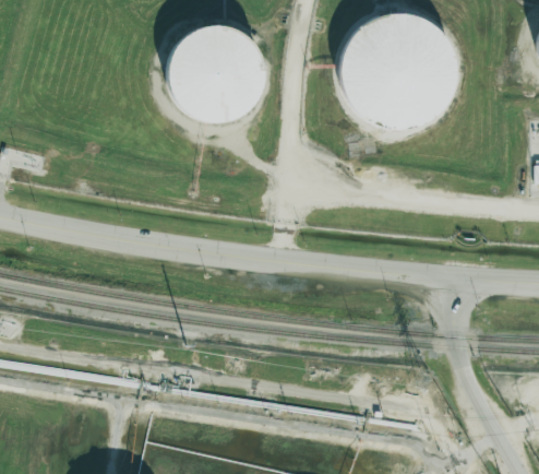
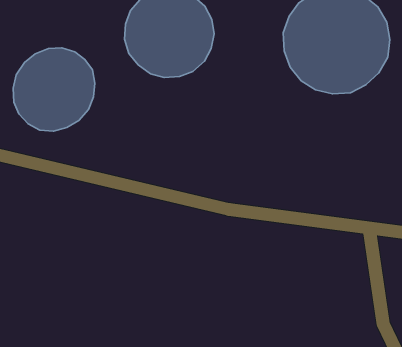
building: none -> [13,48,95,131]

